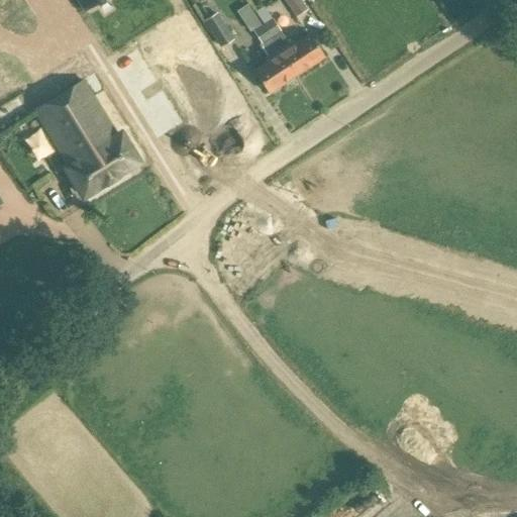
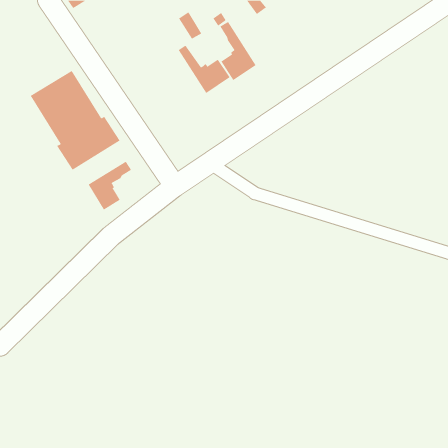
building: [264,19,324,76] -> [178,45,231,94]
building: none -> [88,161,132,211]

